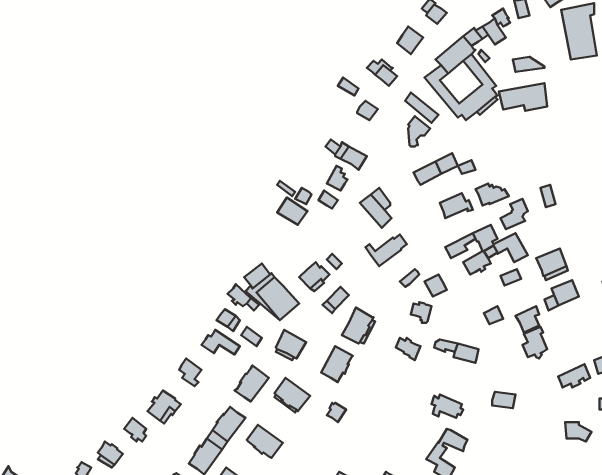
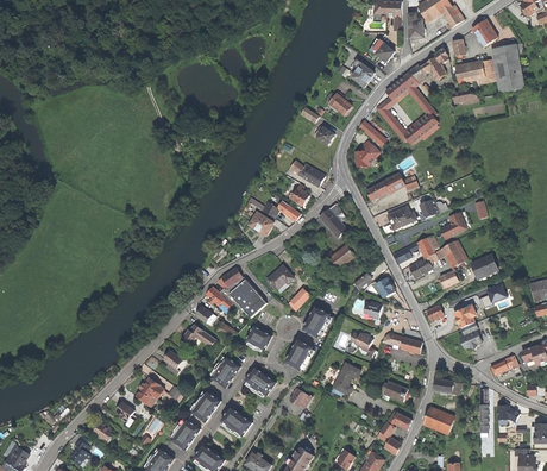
building: [499,83,547,111] -> [454,59,496,83]
building: none -> [329,363,360,402]
building: none -> [422,406,454,433]

